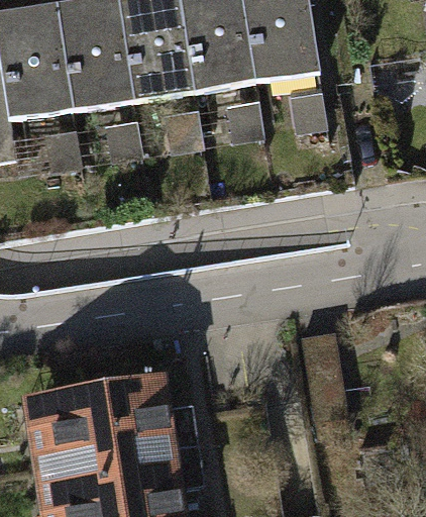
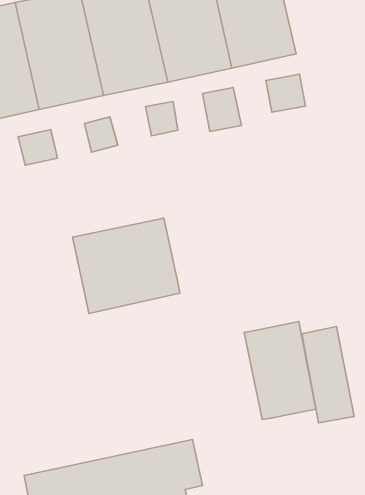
building: none -> [72,218,180,313]
building: none -> [244,322,316,420]
building: [20,375,197,467] -> none

